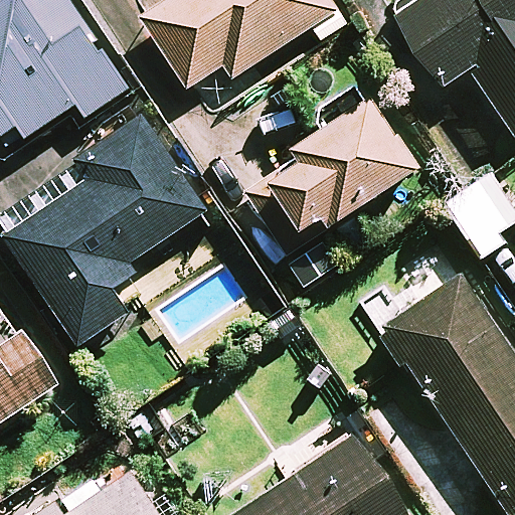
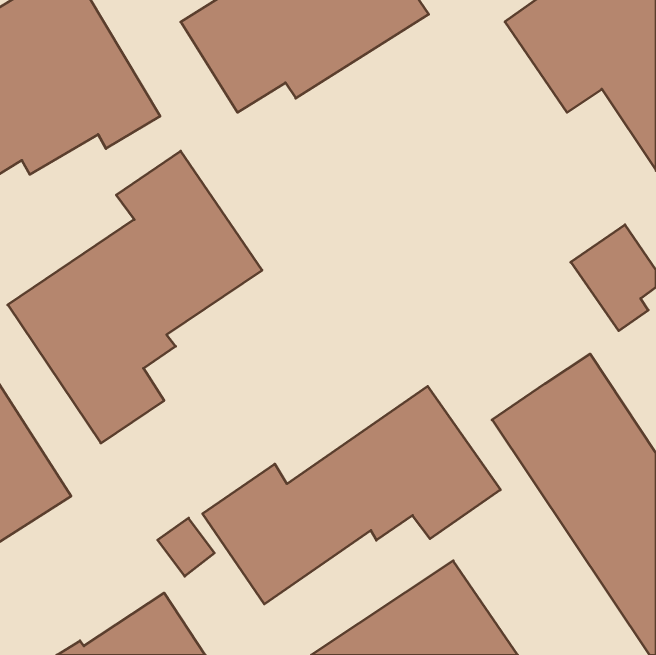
building: [247,82,417,256] -> none
building: none -> [203,386,500,604]

